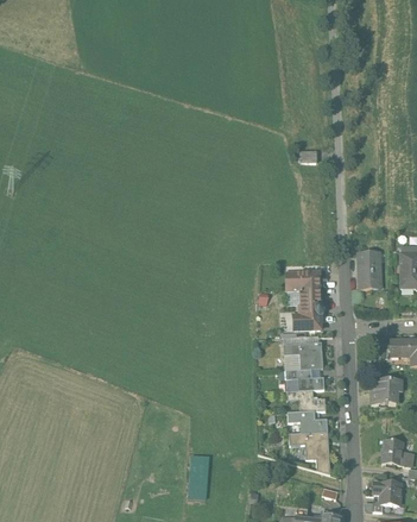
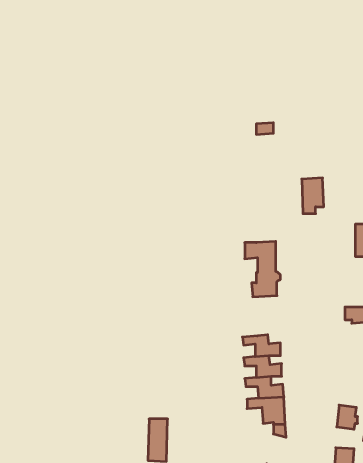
building: [358,251,380,288] -> [302,178,324,214]
building: [283,340,322,369] -> none
building: [372,379,399,404] -> none

